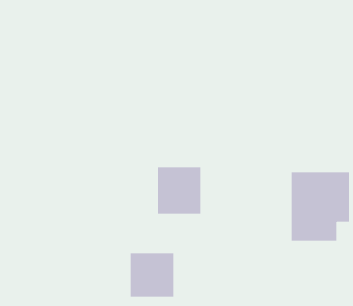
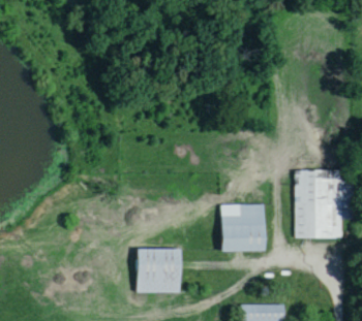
building: [157,167,201,214] -> [221,204,265,251]

